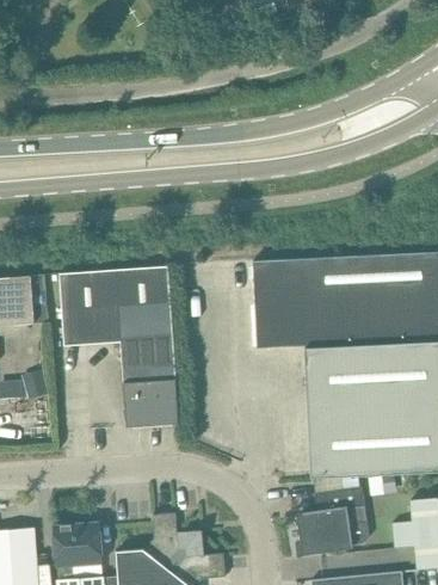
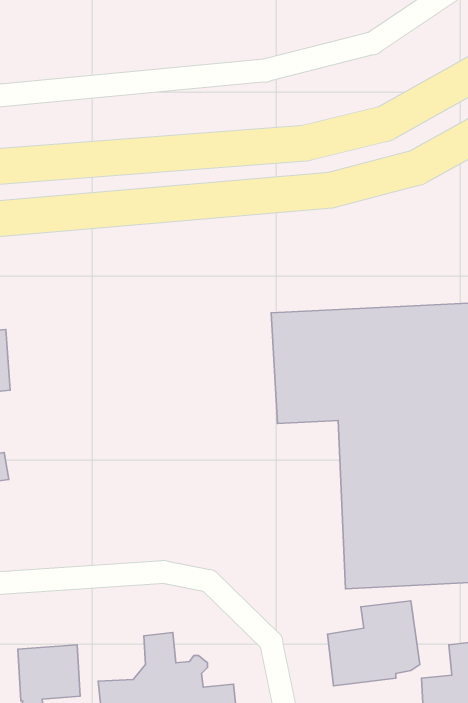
building: [58,265,178,427] -> none

